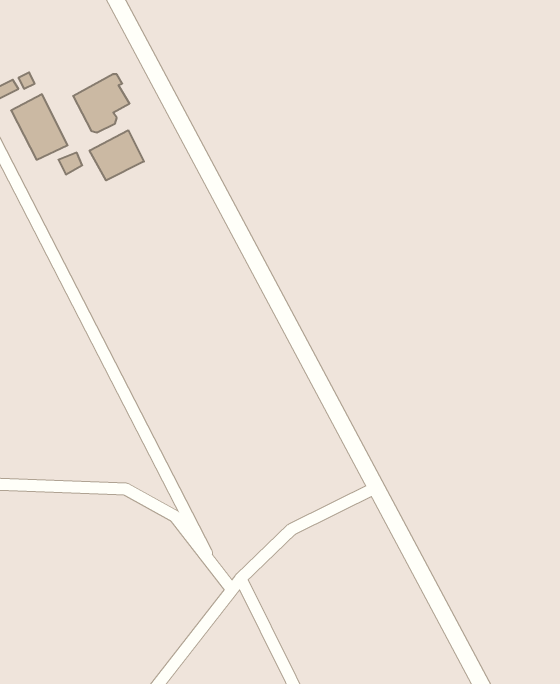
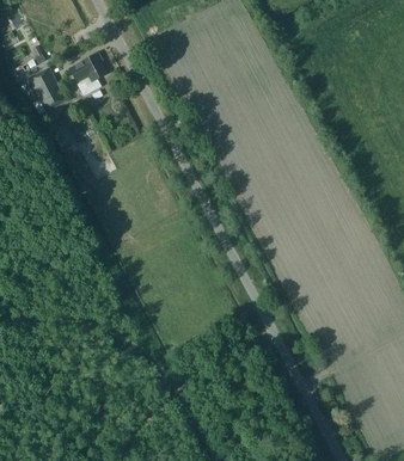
building: [90,130,144,180] -> none

